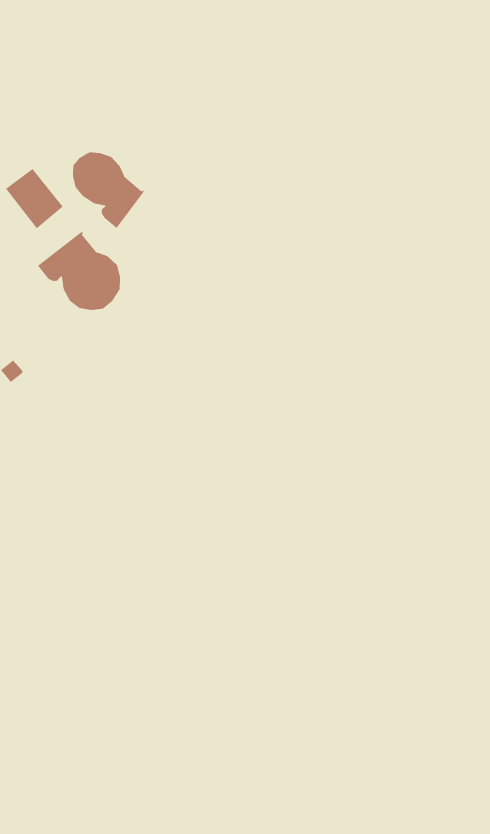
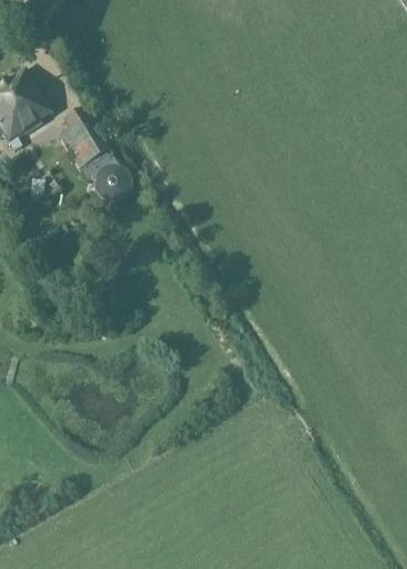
building: [72,152,145,229] -> none

